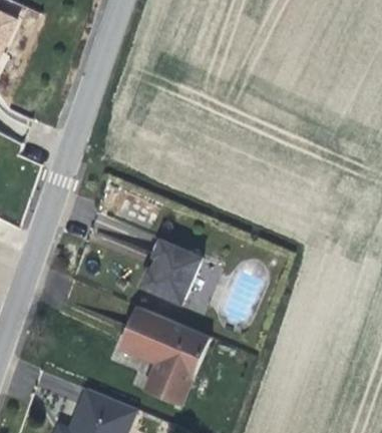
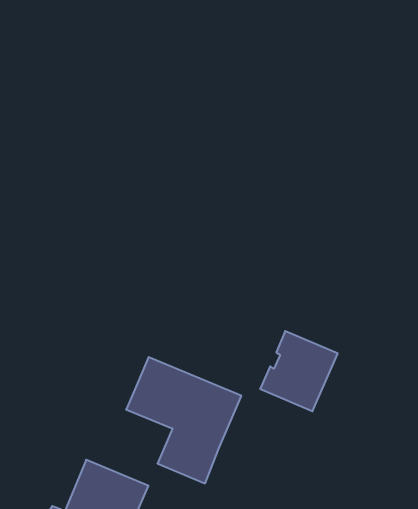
building: [139,240,202,304] -> [260,331,338,411]

